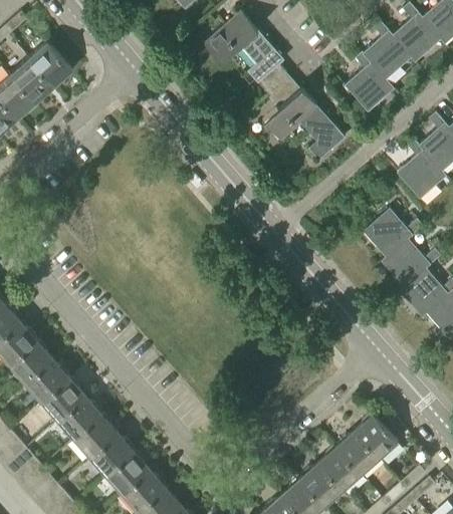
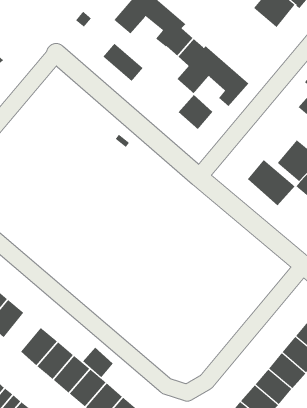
building: [345,51,394,111] -> none
building: none -> [102,43,144,82]
building: none -> [178,94,213,130]
building: none -> [247,159,295,206]
building: [26,358,69,402] -> none
building: none -> [82,347,114,378]

